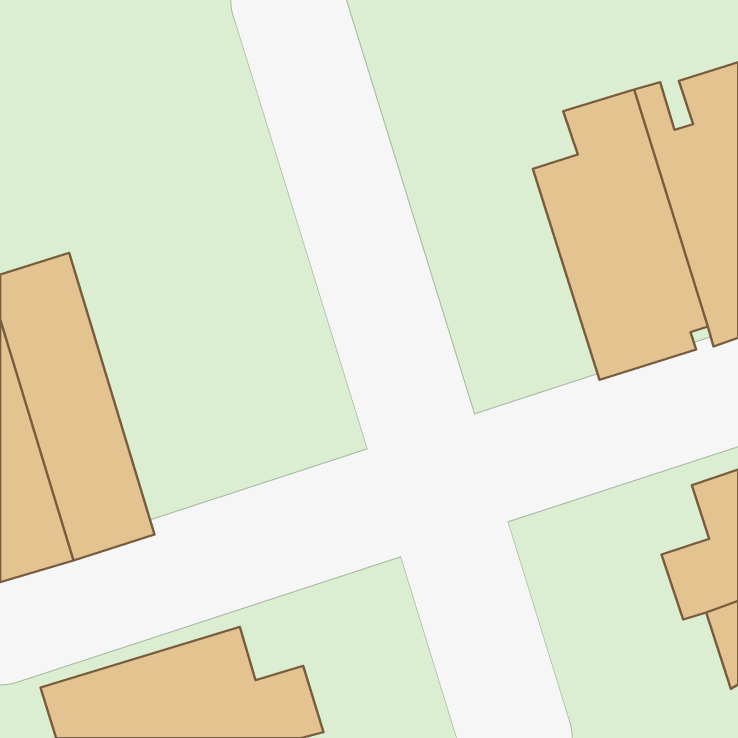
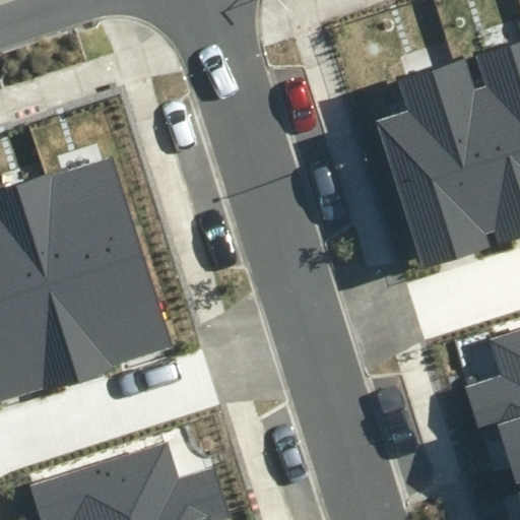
building: none -> [49,160,168,376]

